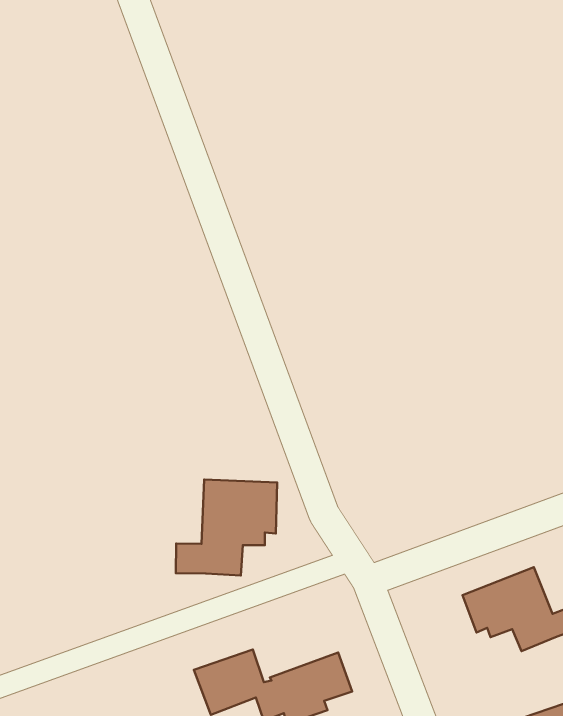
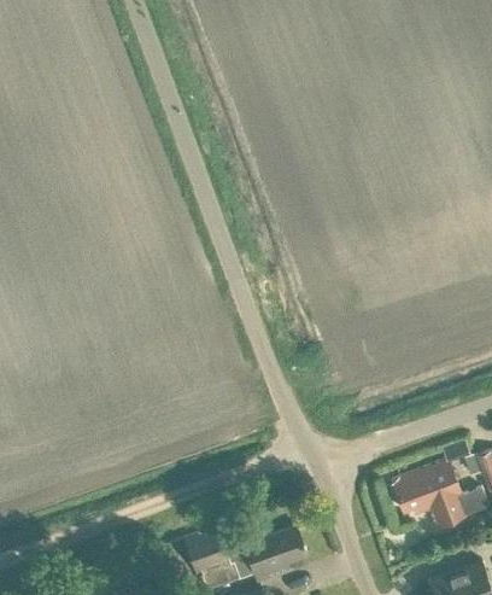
building: [176,480,277,575] -> none

